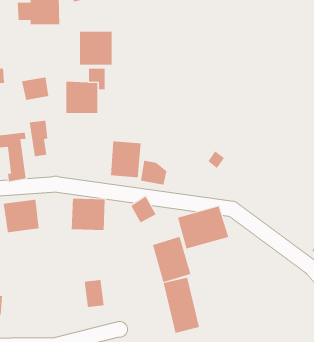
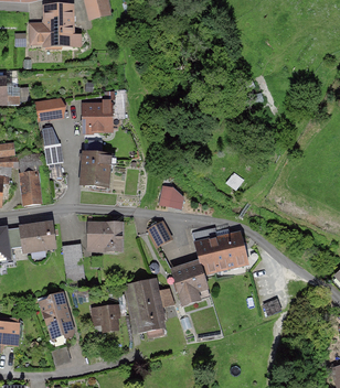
building: [79,31,112,65] -> none
building: [110,141,142,178] -> [79,151,111,188]
building: none -> [62,240,85,278]
building: none -> [38,290,75,342]
building: [163,277,200,334] -> [129,277,167,334]

